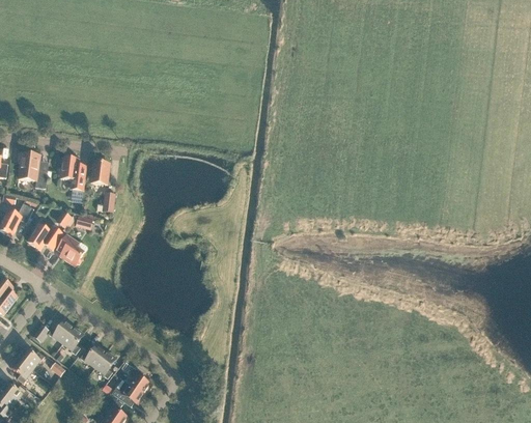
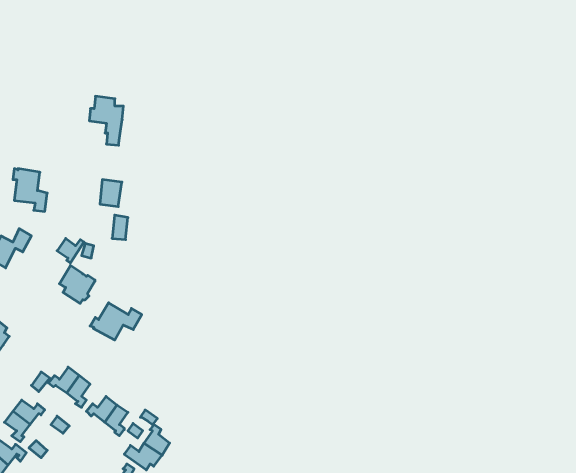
building: [56,156,85,197] -> [89,96,123,145]
building: [27,222,62,248] -> none
building: none -> [90,303,142,340]

